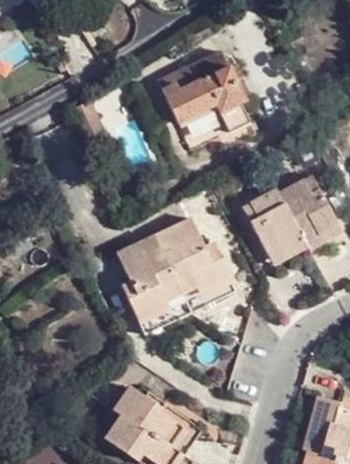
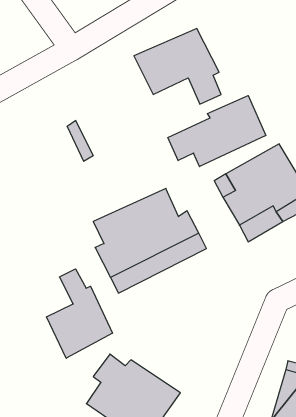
building: none -> [168,96,266,167]
building: none -> [47,269,112,358]

